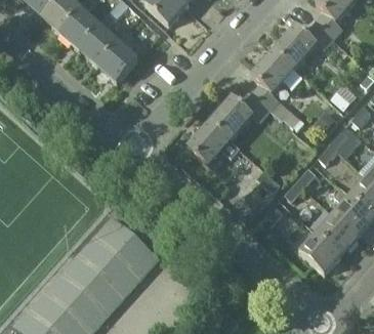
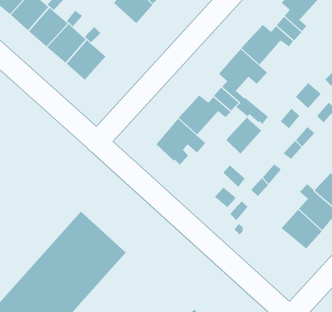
building: none -> [225,116,262,154]
building: [299,233,341,274] -> none

